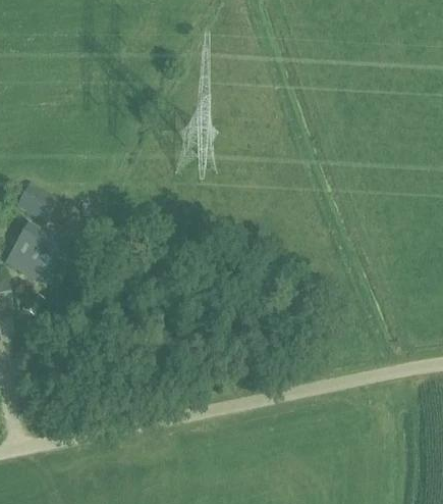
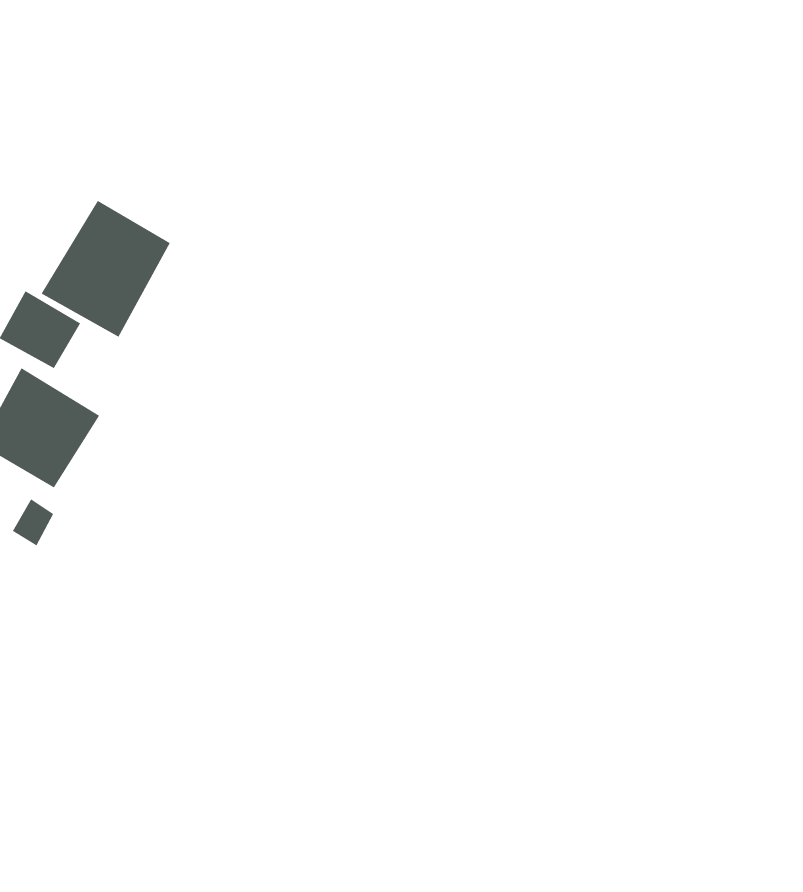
building: none -> [40,200,171,338]

